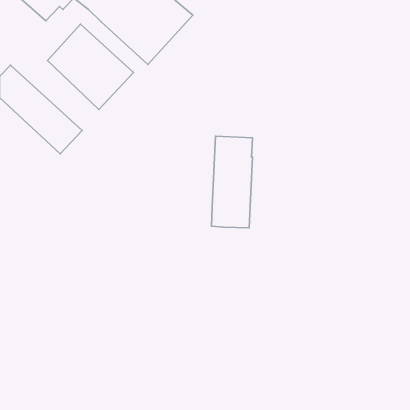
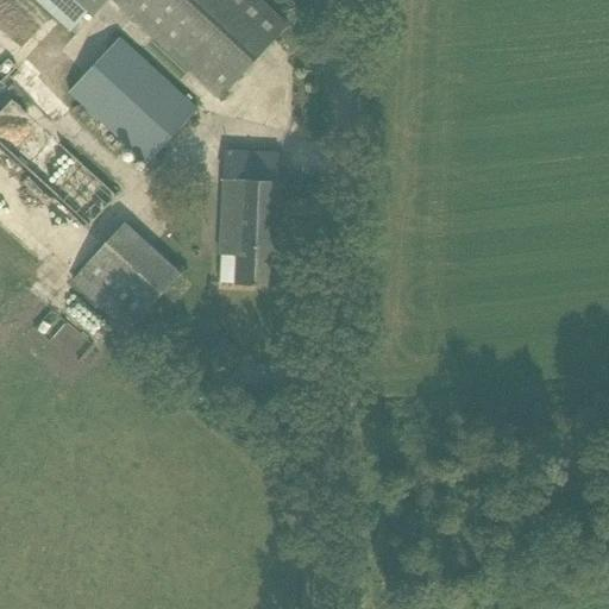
building: [211,136,252,228] -> [218,149,278,284]
building: none -> [70,221,180,331]

